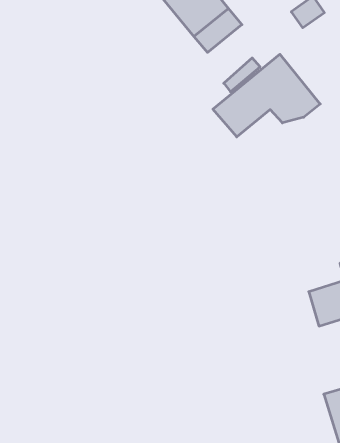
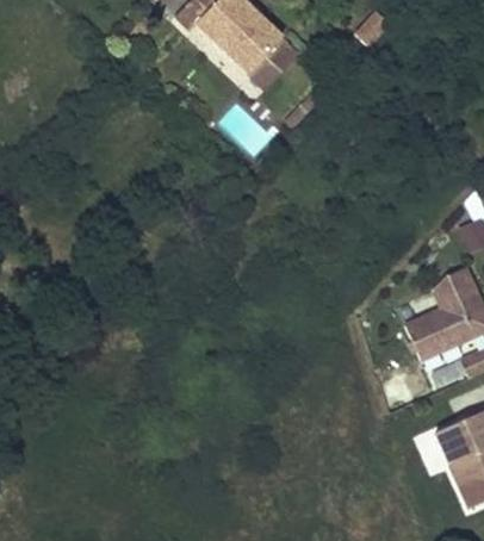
building: [213,54,320,137] -> none

